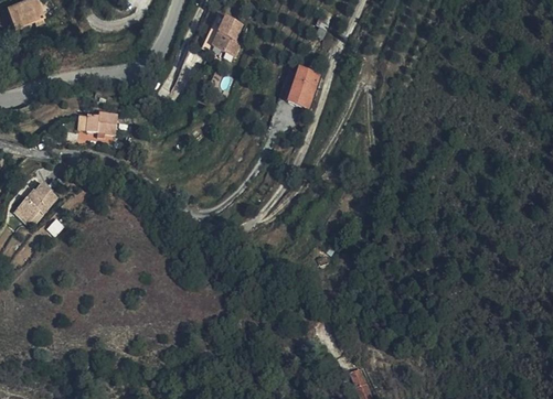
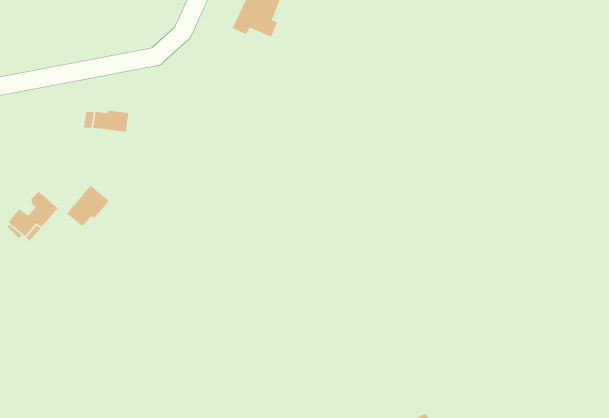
building: [287,66,319,108] -> none
building: none -> [66,185,110,227]

